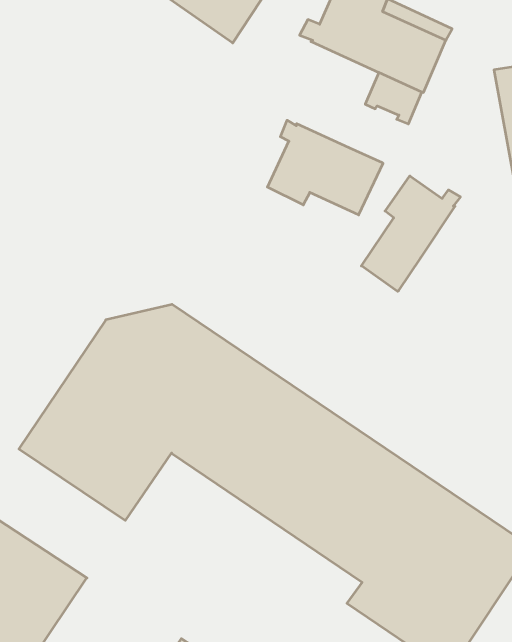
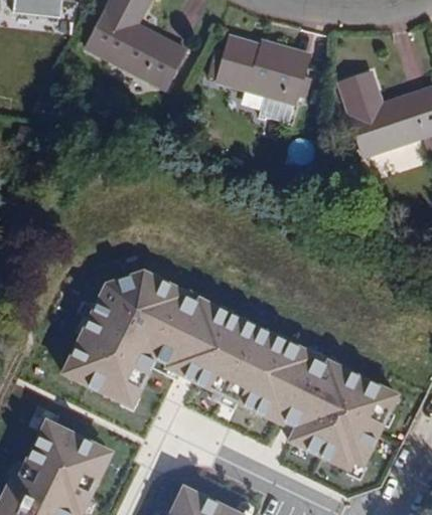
building: [267,120,383,215] -> none
building: [361,176,460,291] -> none

